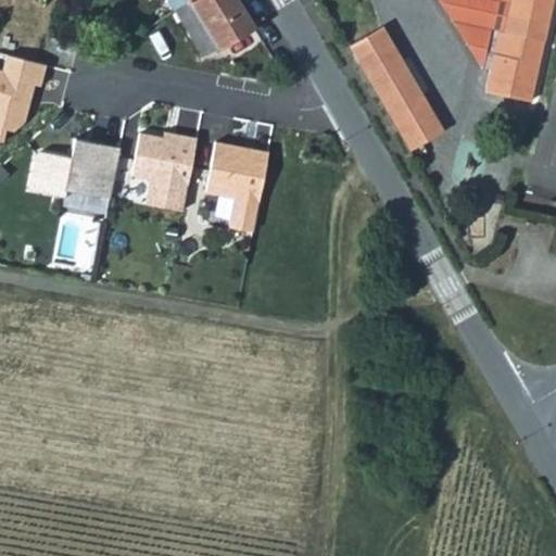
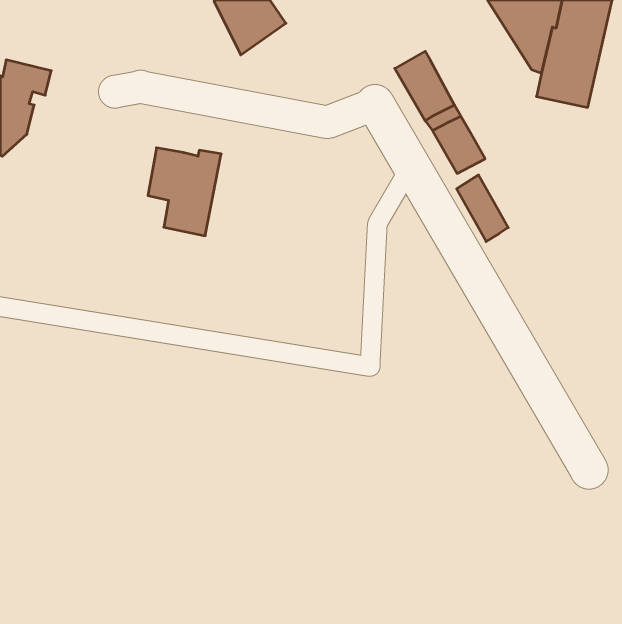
building: [31,139,123,199] -> none
building: [207,140,270,230] -> none
building: none -> [457,175,508,242]

